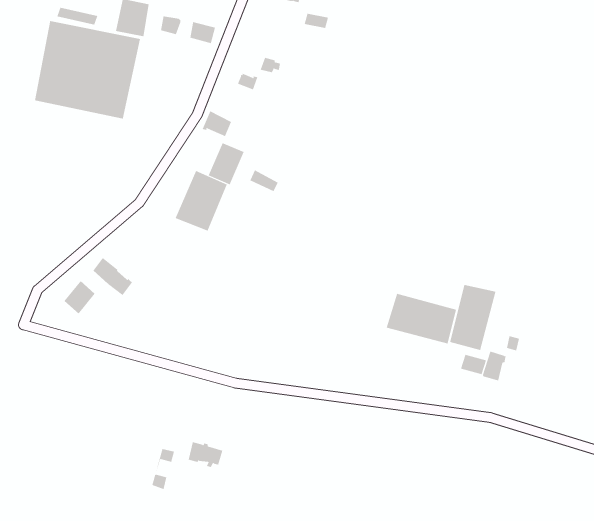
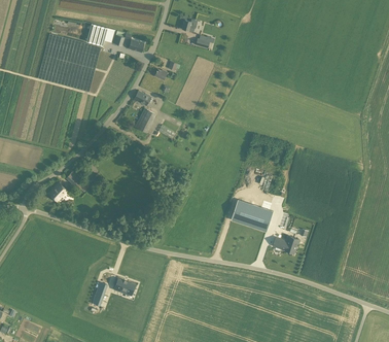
building: [175,170,228,232] -> none
building: [449,284,496,351] -> none

